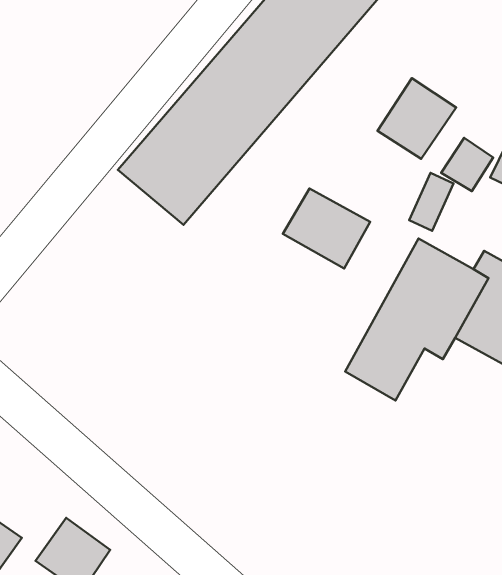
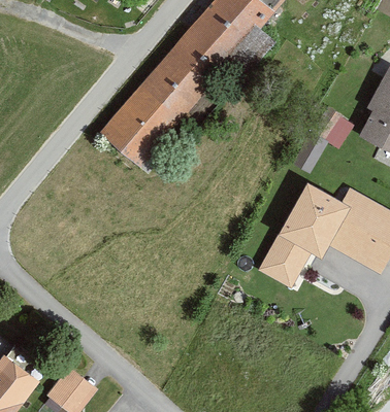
building: [378,78,456,159] -> none
building: [283,189,370,269] -> none

